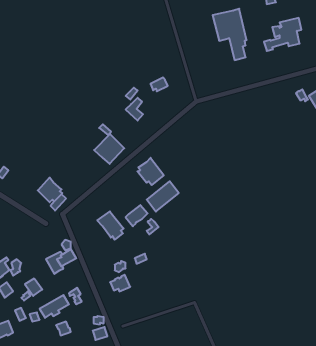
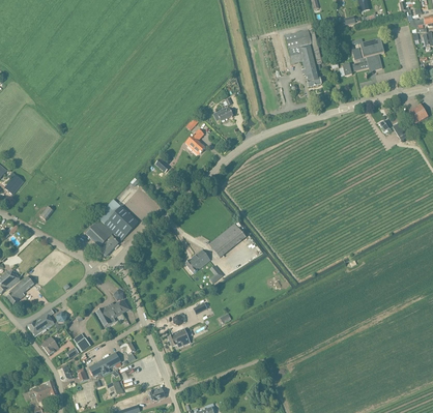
building: [94,134,124,164] -> [104,205,138,239]
building: [137,158,164,185] -> none
building: [97,211,124,240] -> none

